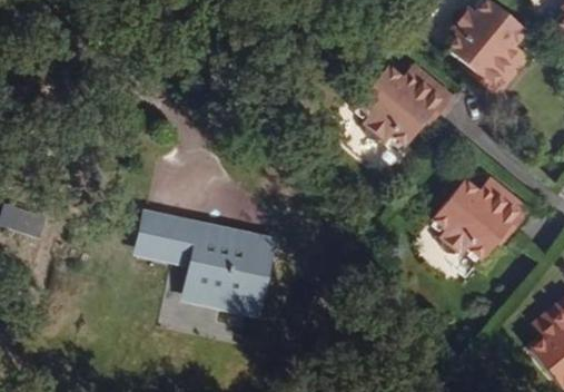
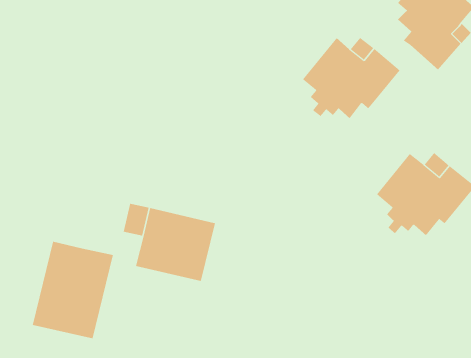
building: [139,219,182,257] -> none
building: none -> [32,241,113,339]

